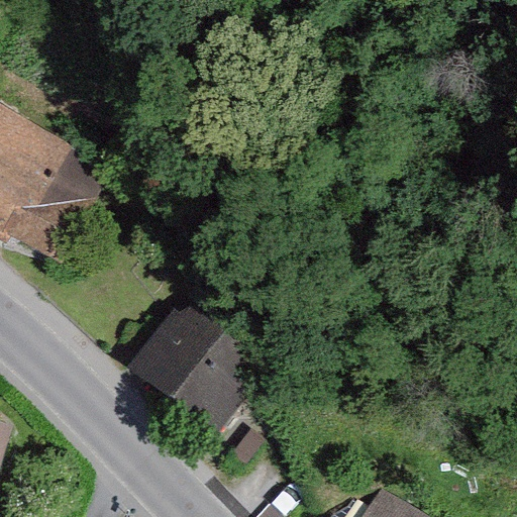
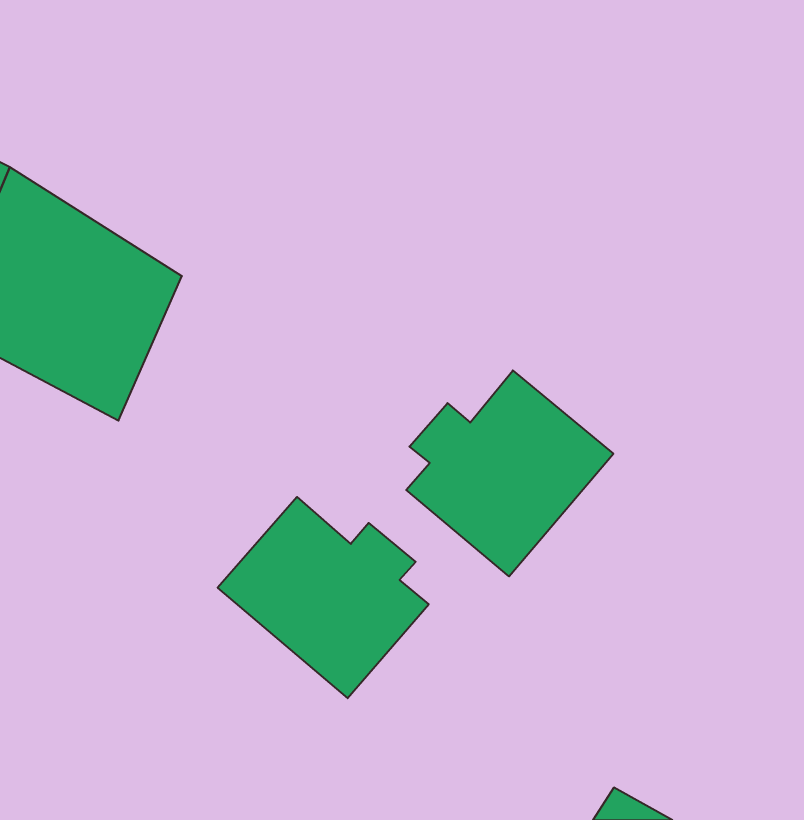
building: none -> [406,370,613,576]

